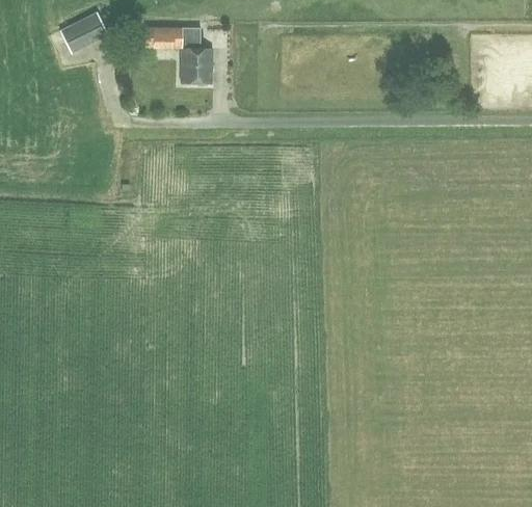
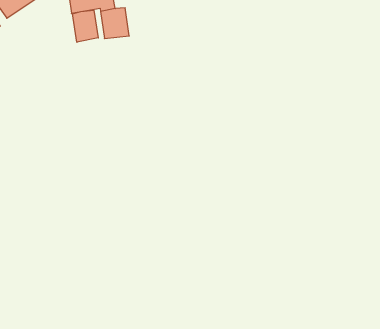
building: none -> [72,10,98,42]

